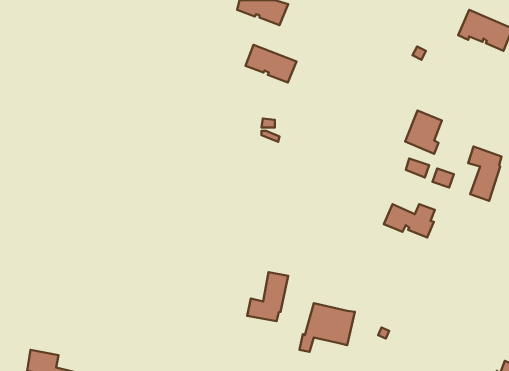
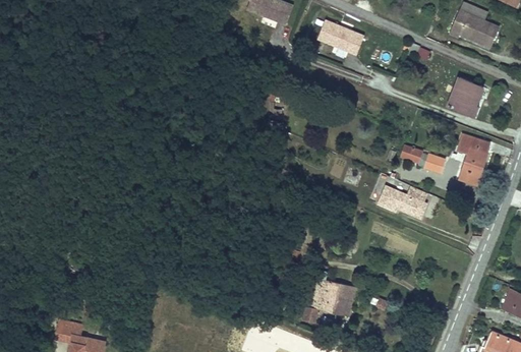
building: [246,45,297,83] -> [317,19,364,54]
building: [405,110,442,154] -> [448,76,481,116]
building: [247,272,288,321] -> none

